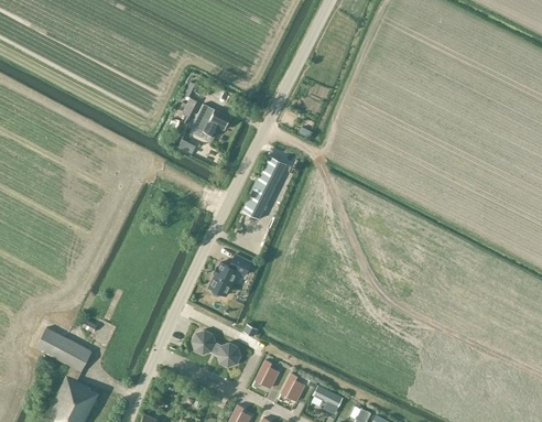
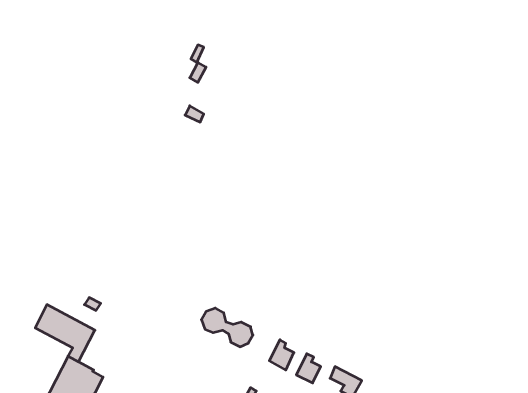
building: [193,105,230,137] -> none
building: [241,156,285,220] -> none
building: [208,256,251,297] -> none

